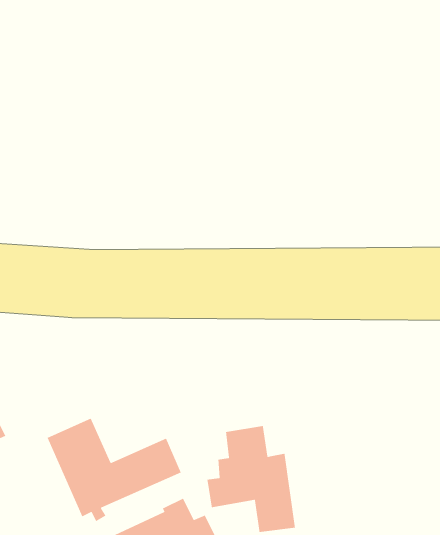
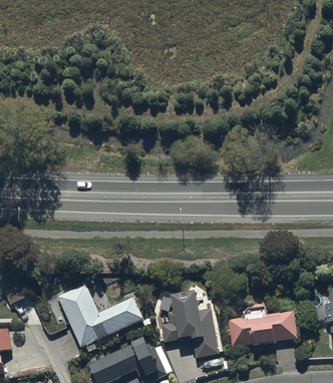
building: none -> [228,305,297,345]

